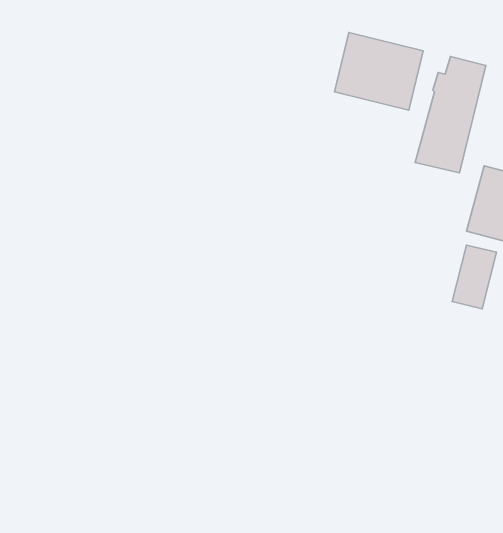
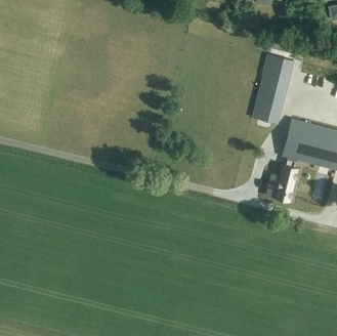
building: [334,32,423,110] -> none

